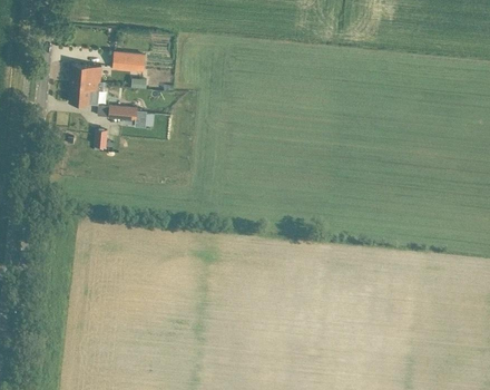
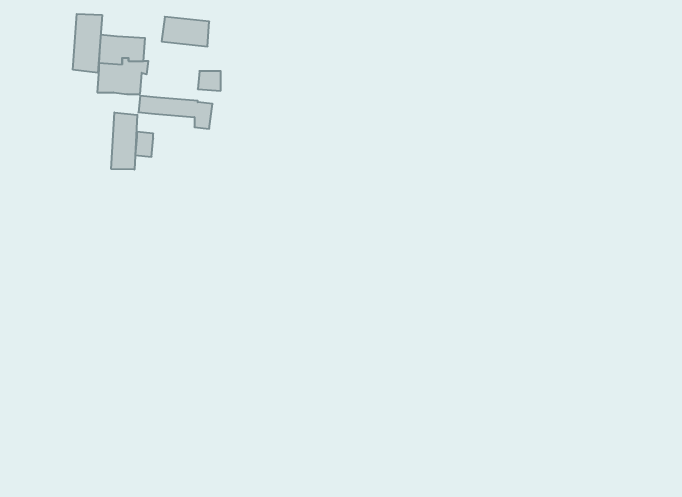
building: none -> [73,14,102,73]
building: none -> [111,112,137,170]

